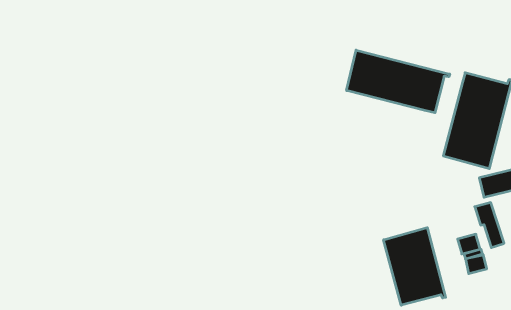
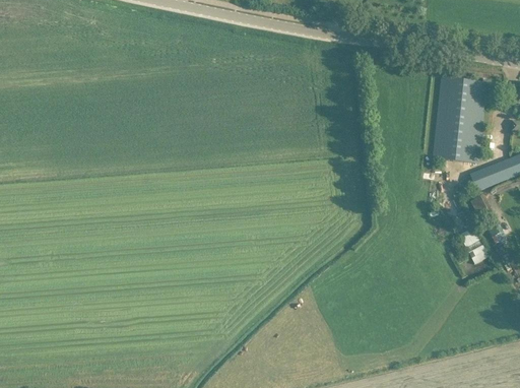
building: [347,50,450,113] -> none
building: [384,228,446,305] -> none

